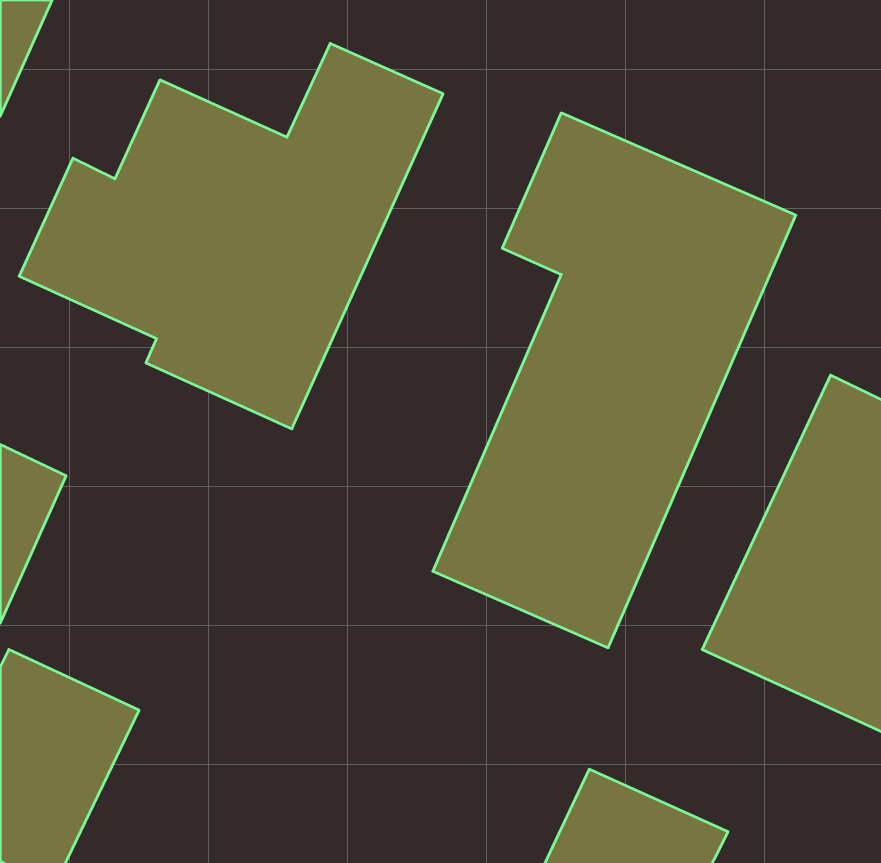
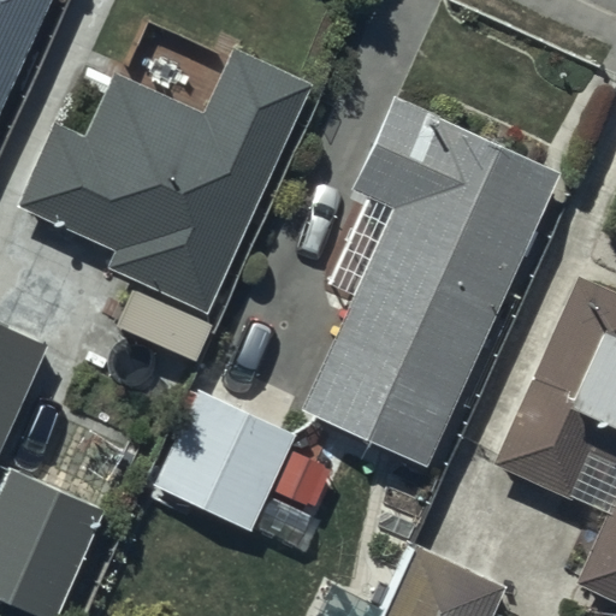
building: none -> [154,392,296,534]

